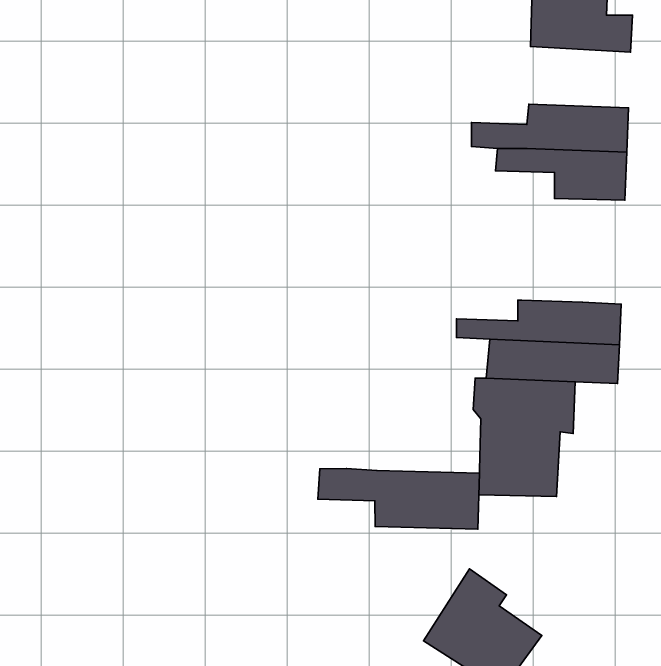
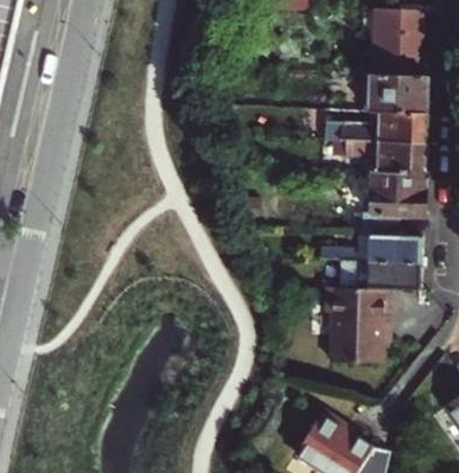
building: none -> [362,75,427,114]
building: none -> [357,172,423,238]
building: [318,468,479,529] -> none

